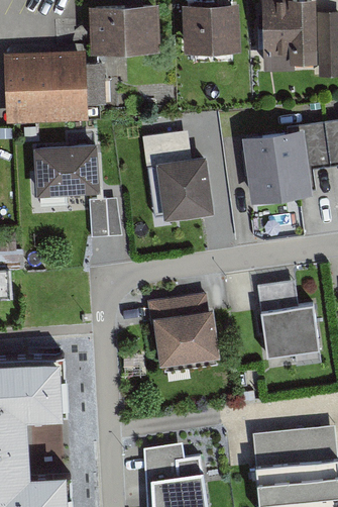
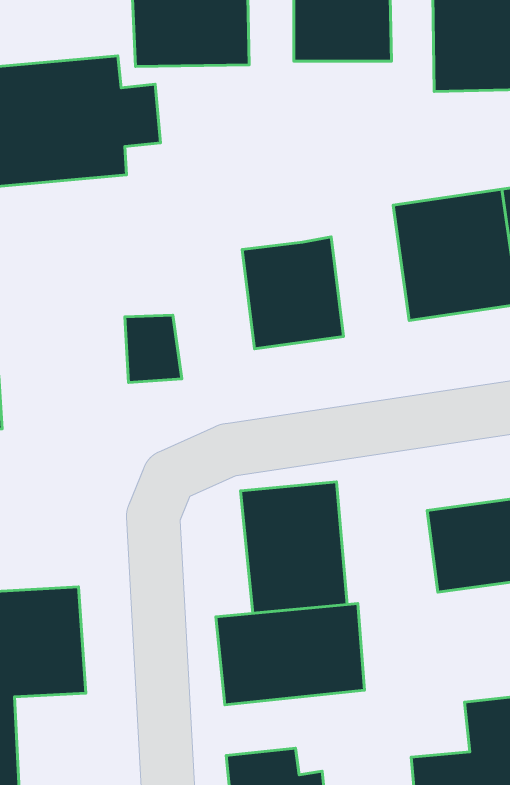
building: [141,130,190,164] -> none
building: [33,142,99,194] -> none
building: [256,280,298,310] -> none
building: none -> [216,604,365,705]

